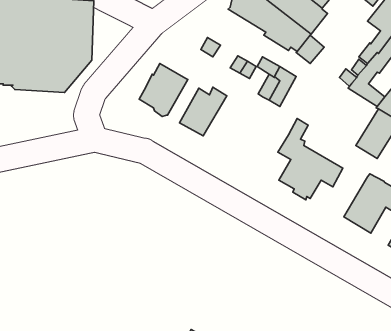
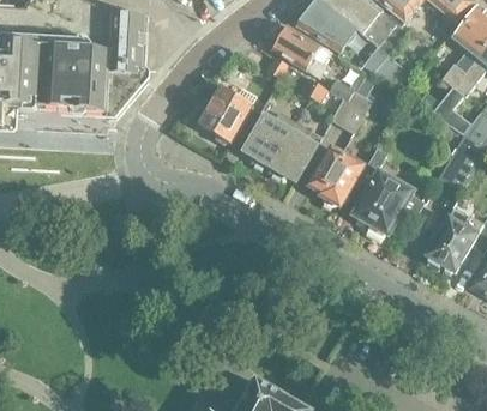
building: none -> [271,25,331,78]
building: none -> [269,121,321,181]
building: none -> [308,145,363,206]

